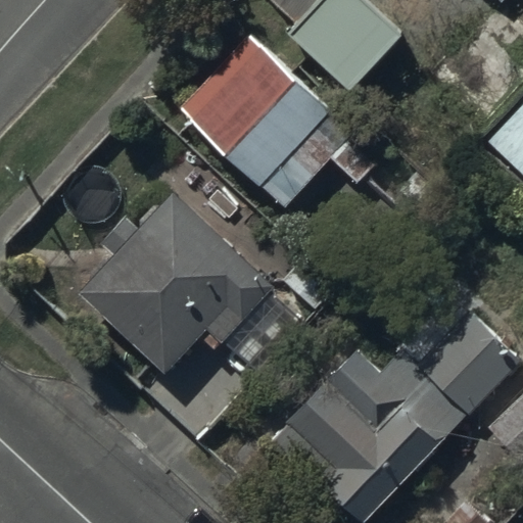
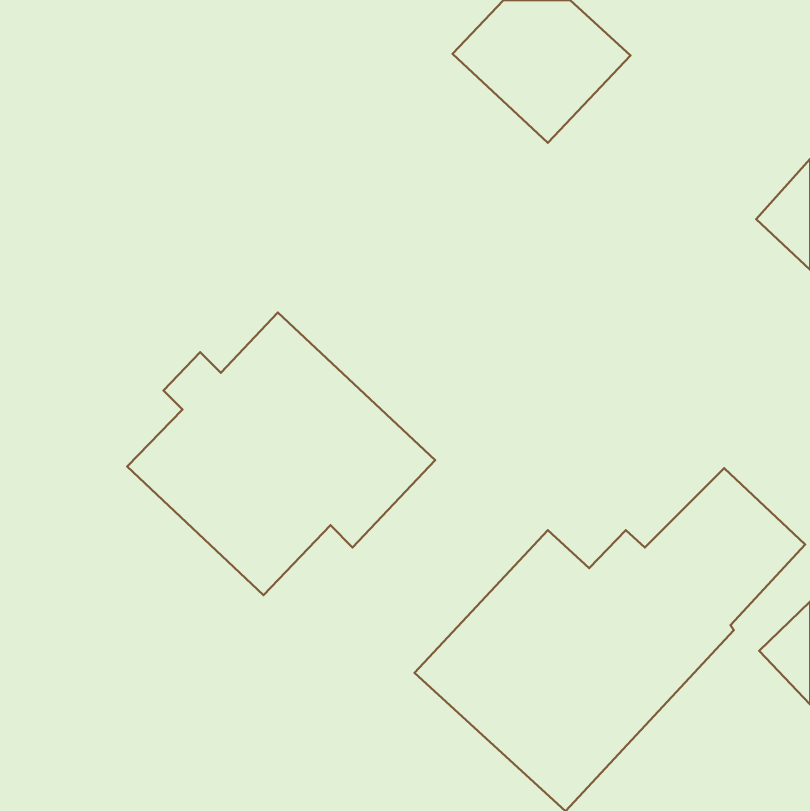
building: [183,38,356,210] -> none

